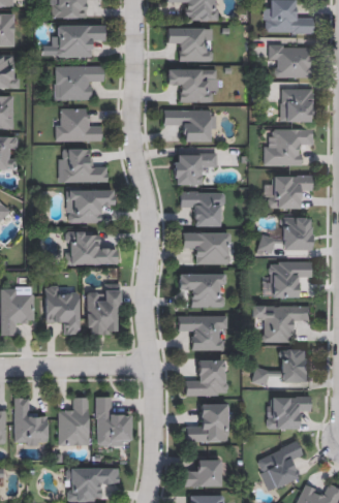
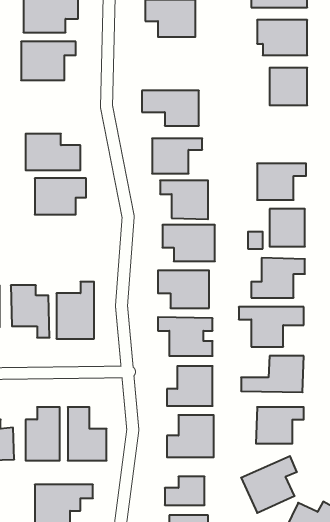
building: [168,68,219,102] -> none
building: [57,108,102,142] -> none
building: [264,129,313,166] -> none
building: [66,230,118,264] -> none

